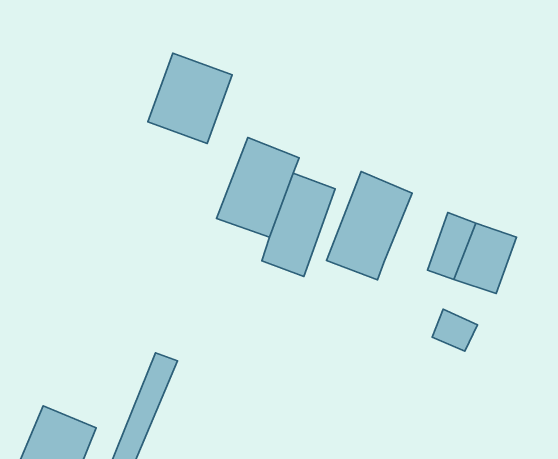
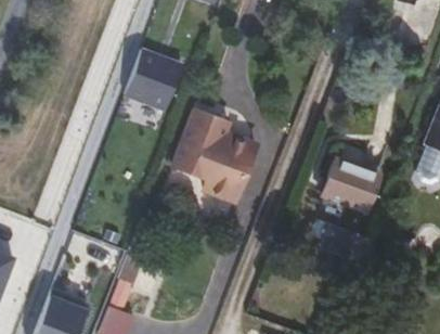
building: [327,172,412,280] -> none

